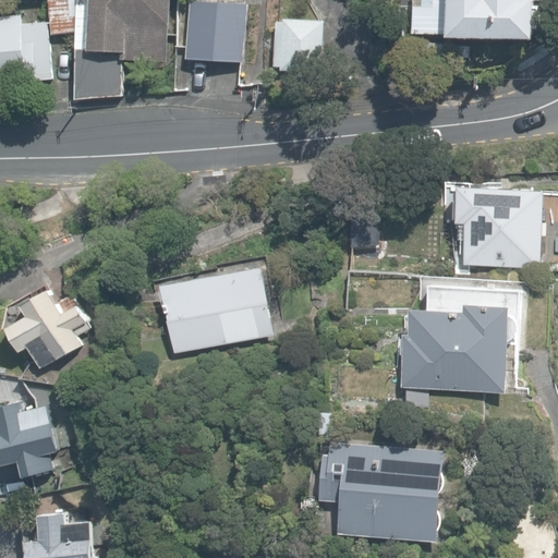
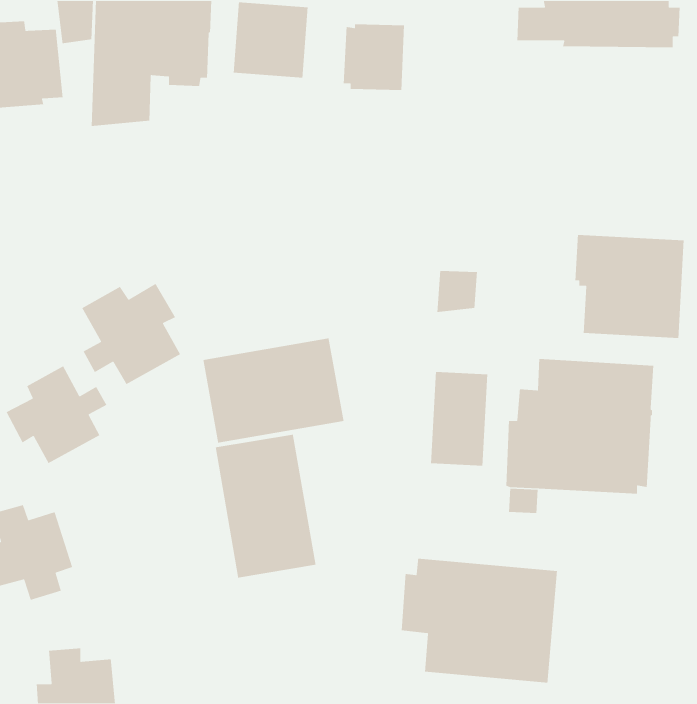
building: none -> [81,283,181,385]
building: none -> [430,371,488,466]
building: none -> [215,434,317,578]

